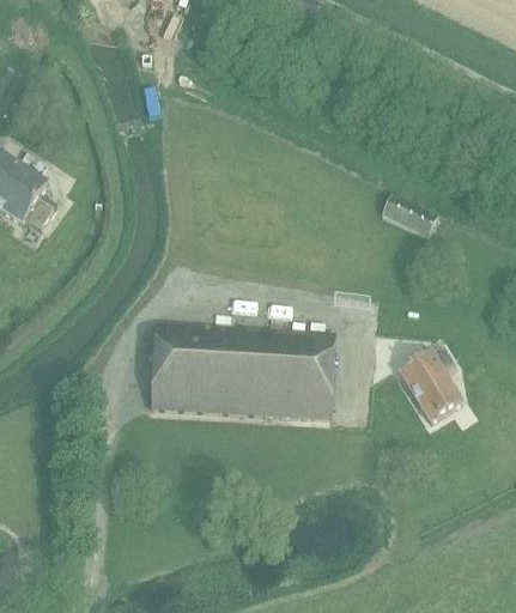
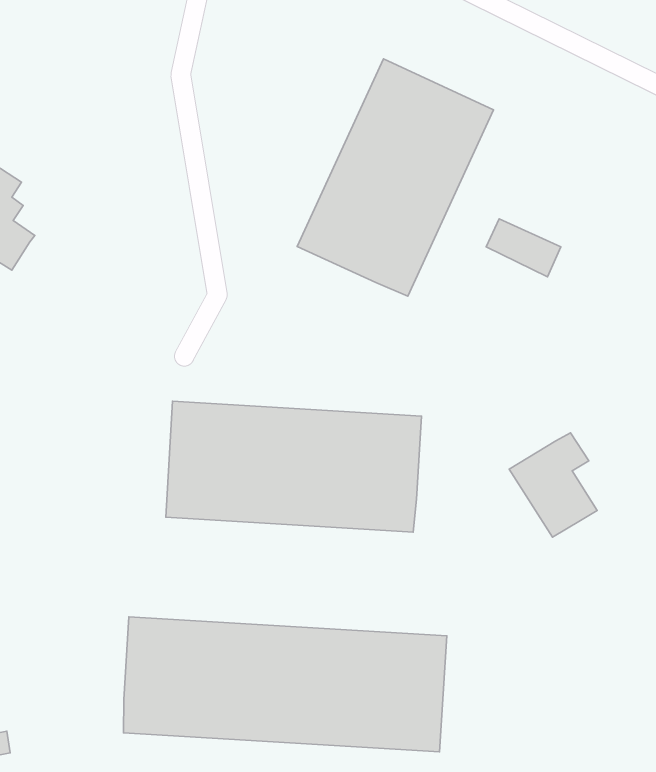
building: none -> [297,59,493,296]
building: none -> [124,617,447,752]

